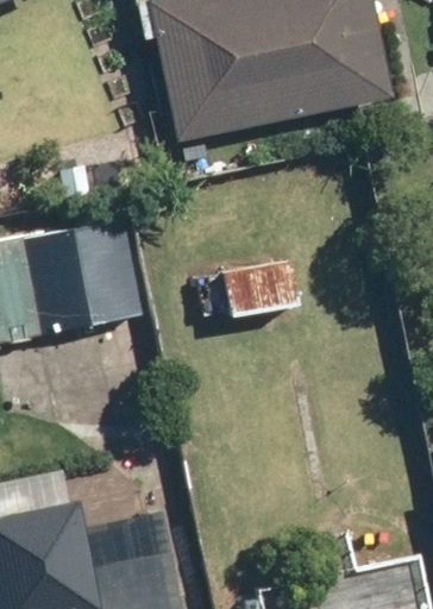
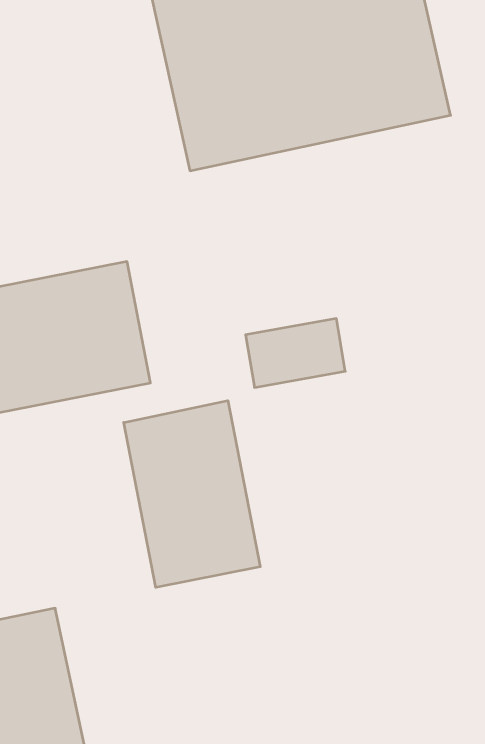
building: none -> [124,401,260,587]

